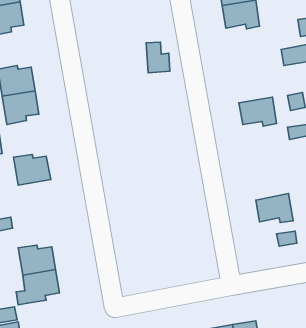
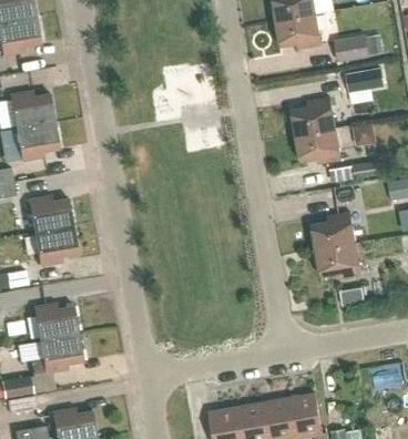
building: none -> [334,37,368,62]
building: none -> [290,98,335,135]
building: none -> [310,212,354,251]
building: none -> [33,226,76,265]

